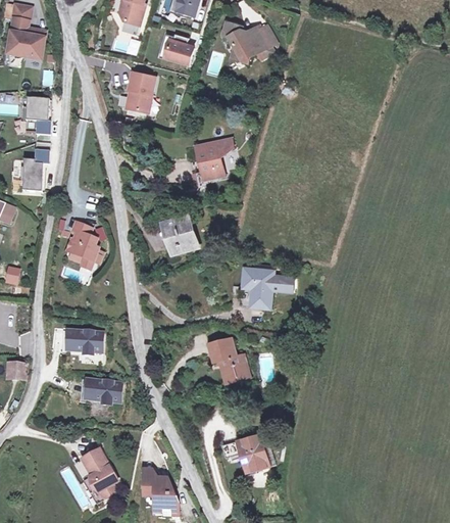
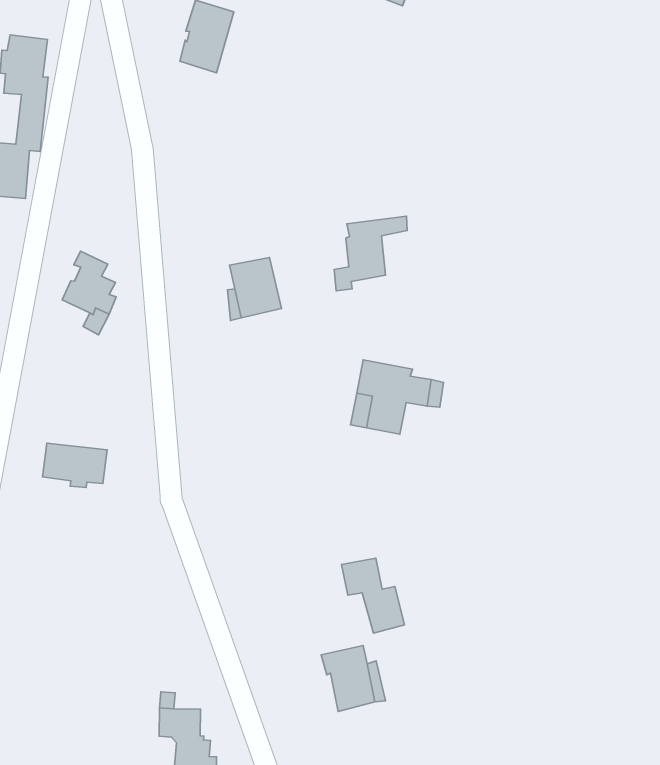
building: [191,136,231,182] -> [334,216,407,291]
building: [210,334,249,377] -> [341,558,404,633]
building: [84,379,120,403] -> none
building: [81,448,116,497] -> none

